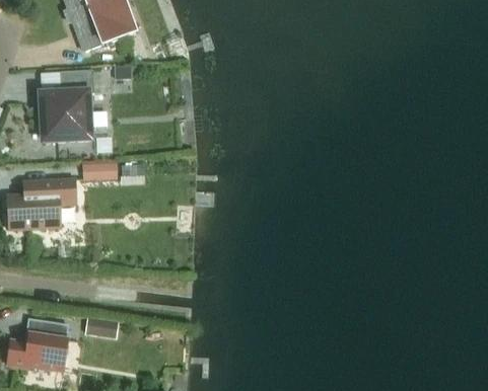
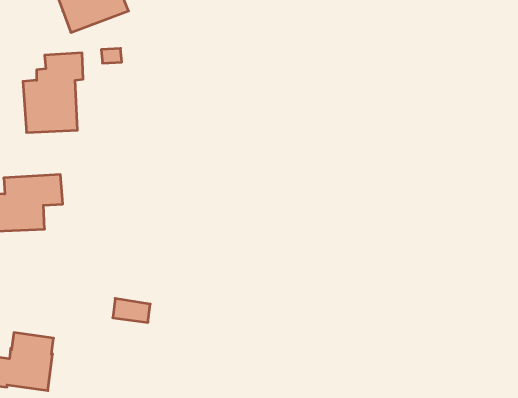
building: [82,162,117,179] -> none
building: [85,316,119,337] -> [113,298,150,322]

